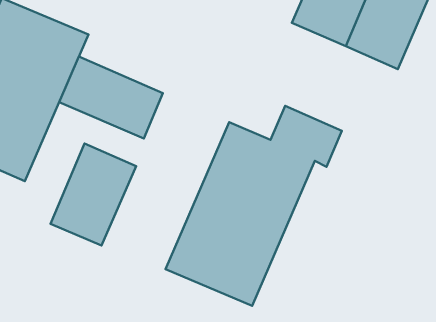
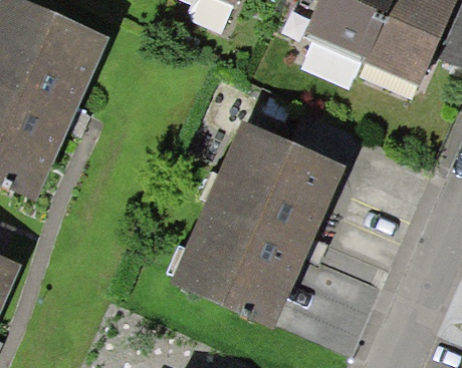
building: [59,56,163,138] -> none
building: [50,144,136,246] -> none

